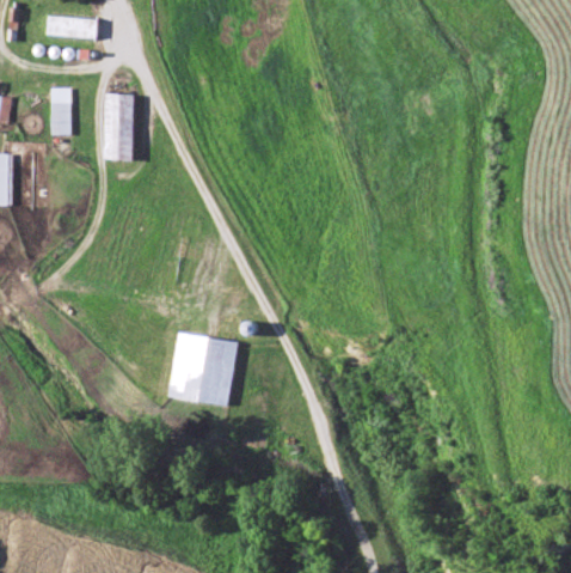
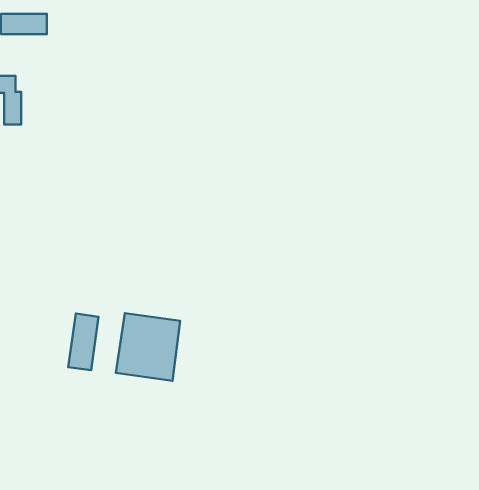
building: [105,93,134,159] -> none
building: none -> [68,314,99,370]

